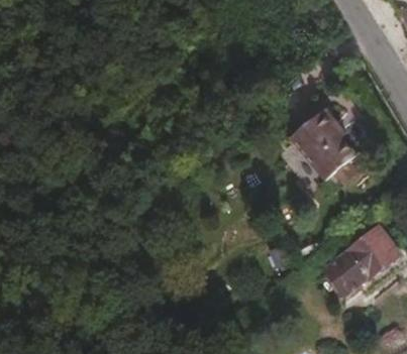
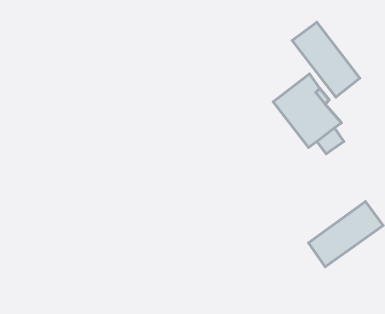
building: none -> [292,22,360,97]

